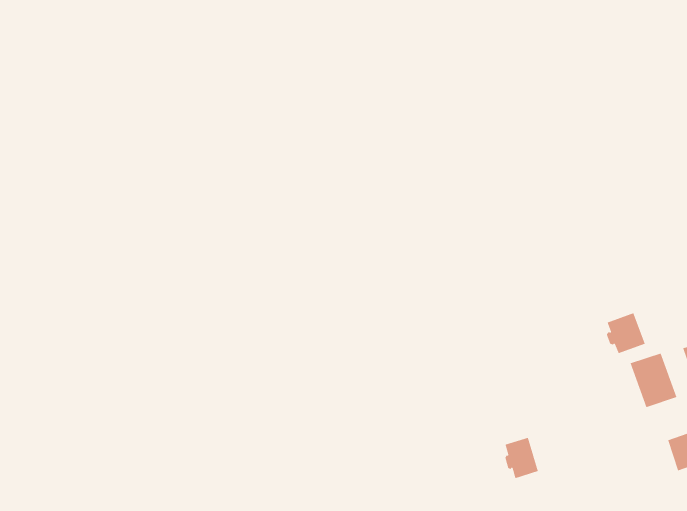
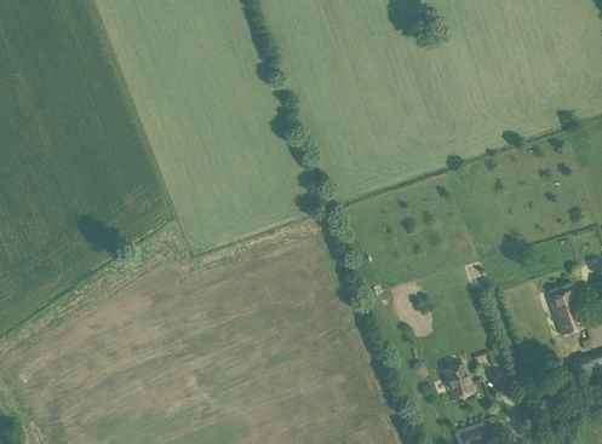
building: [606,312,646,354] -> none

